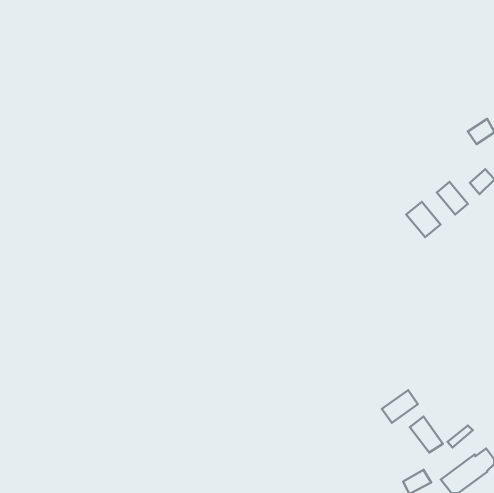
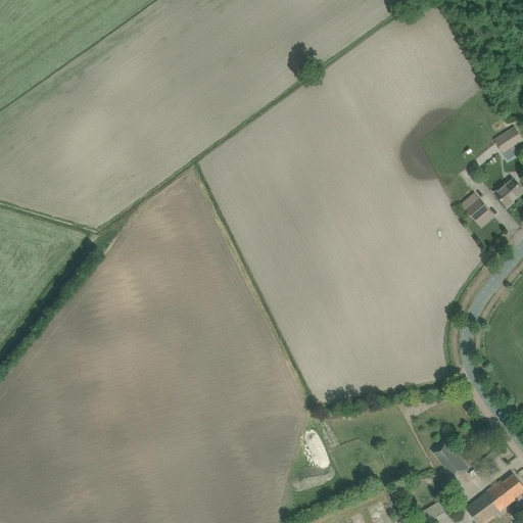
building: [406,202,441,237] -> none
building: [382,390,418,423] -> none

